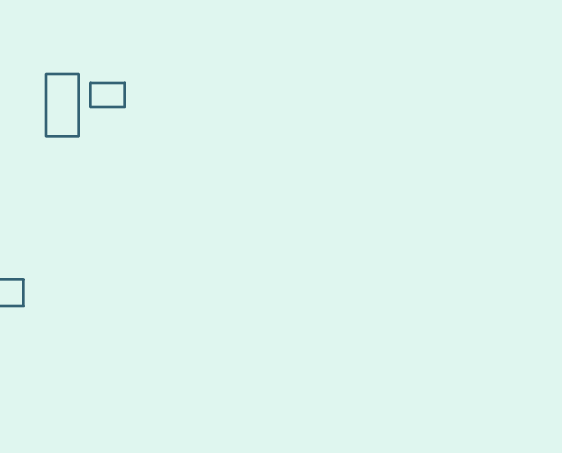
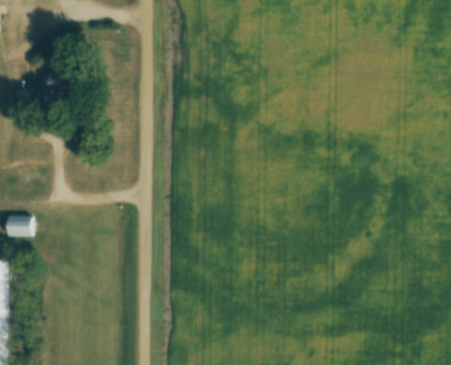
building: [91,83,125,107] -> none

